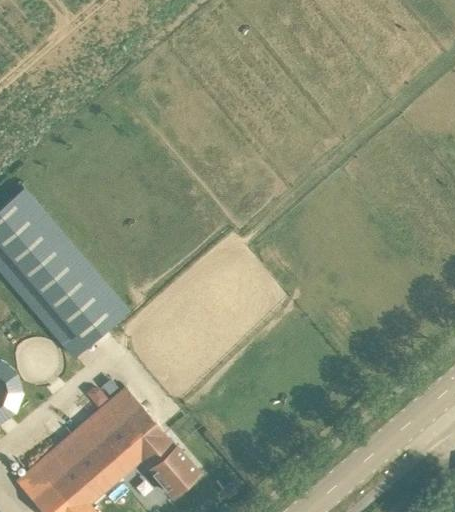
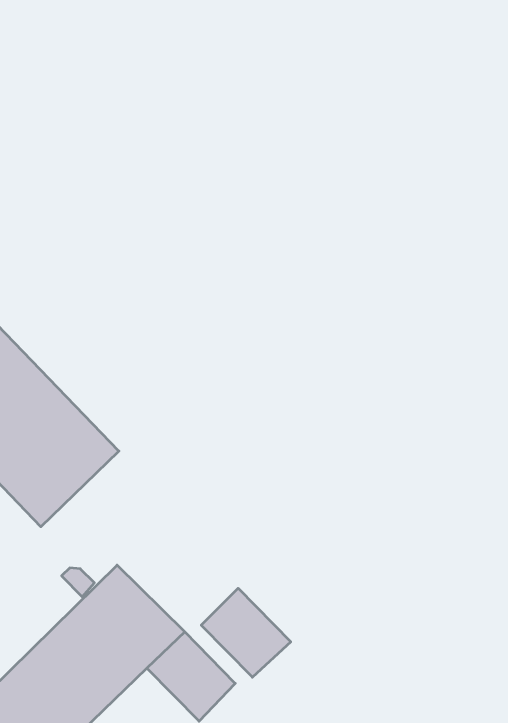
building: none -> [201,588,291,677]

